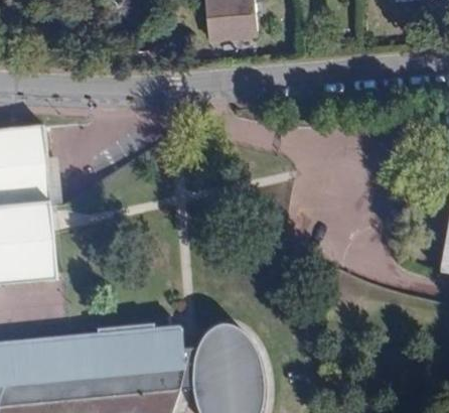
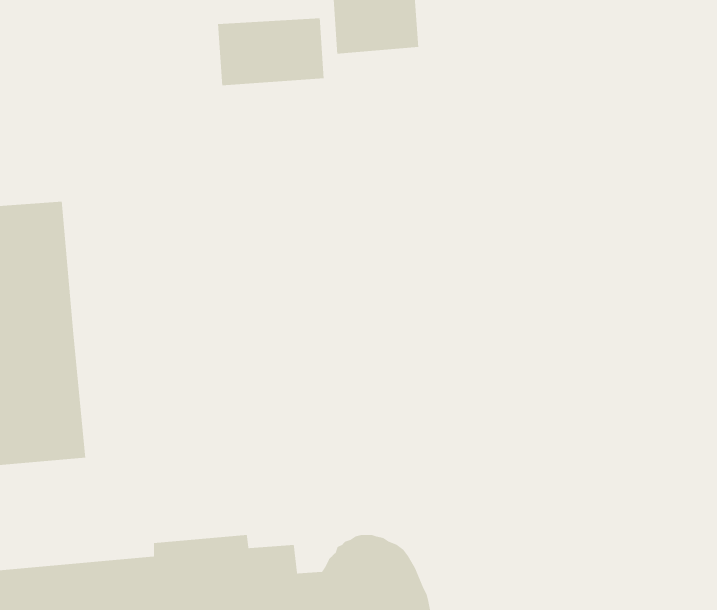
building: none -> [217,17,325,86]

